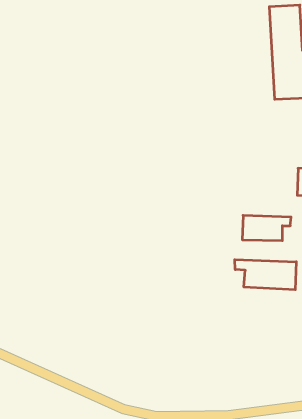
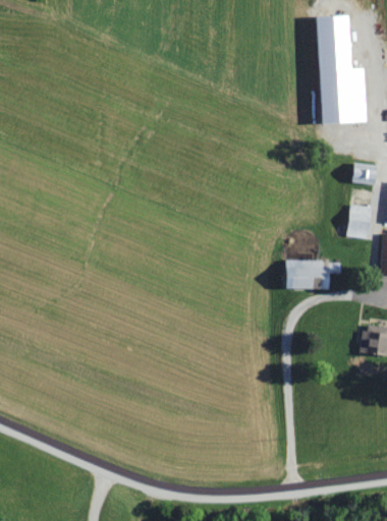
building: [235,260,296,290] -> none

